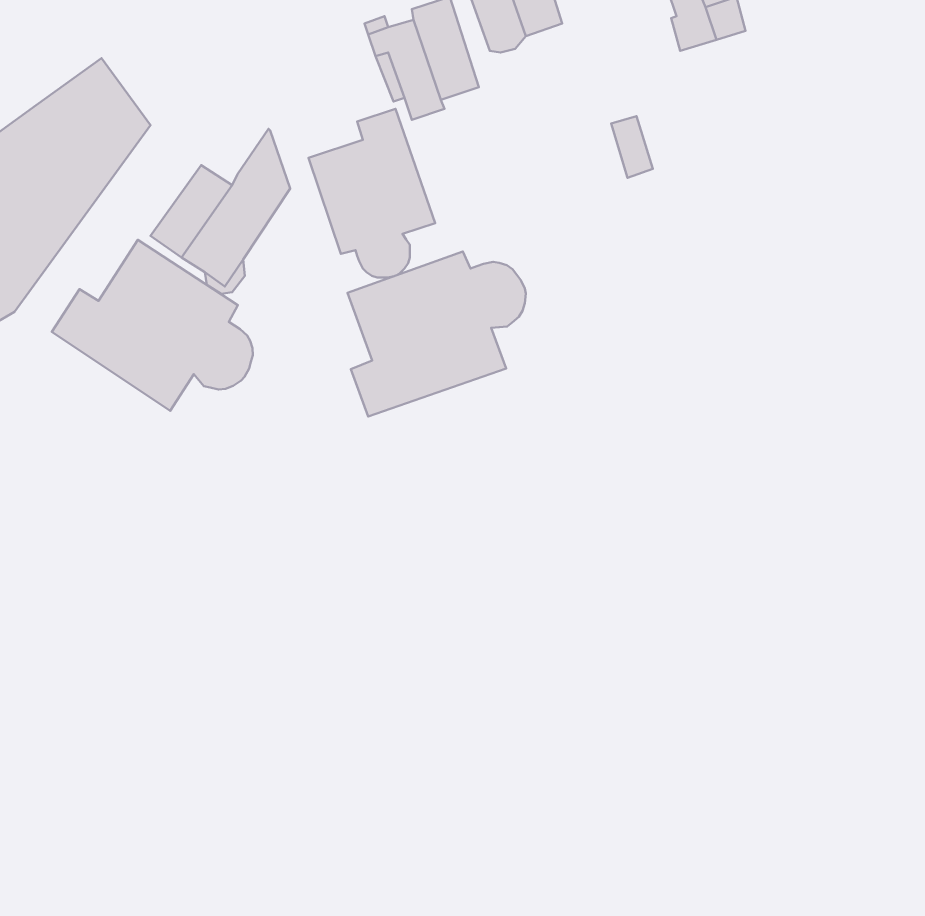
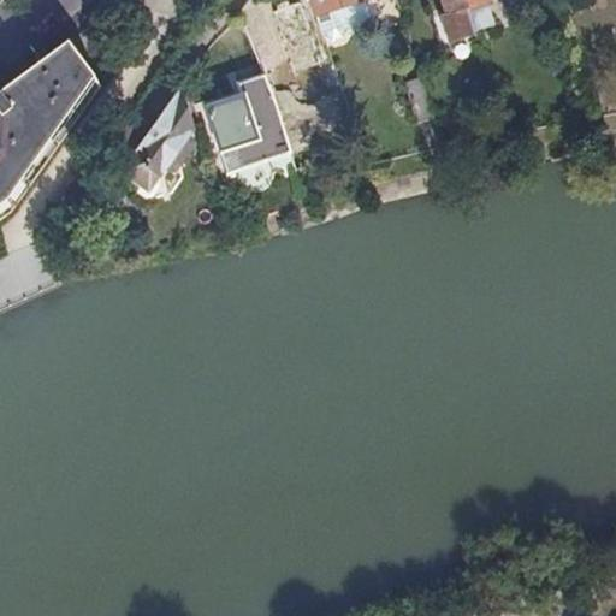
building: [52,240,253,411] -> none
building: [347,252,526,417] -> none

